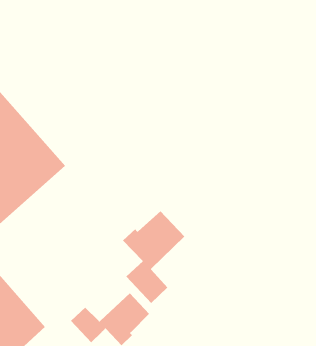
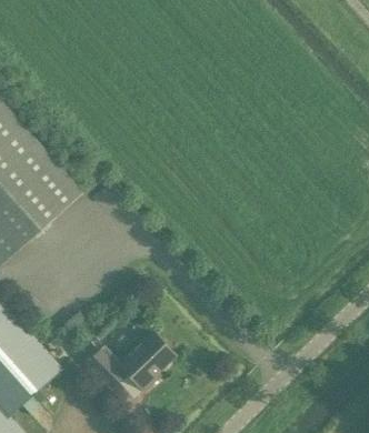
building: [122,211,185,304] -> none

